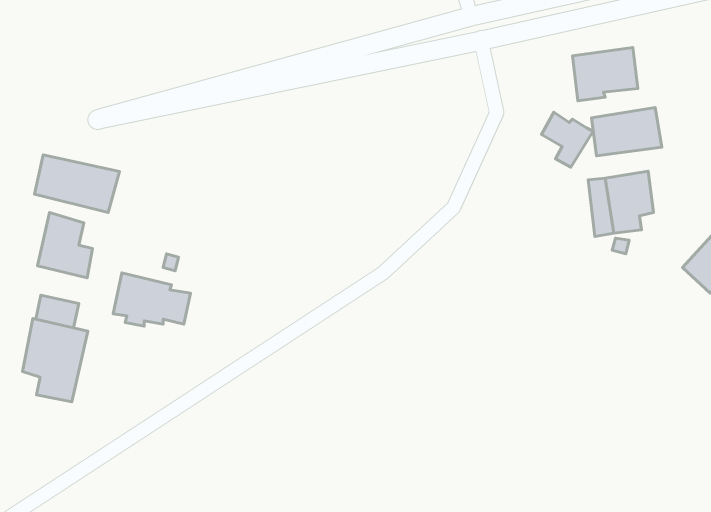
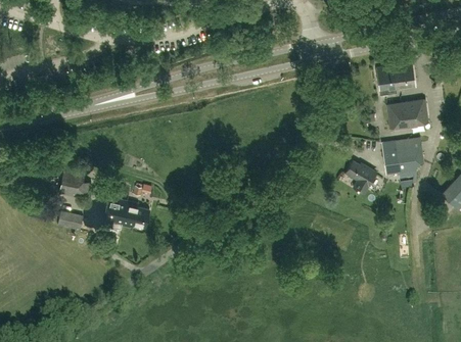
building: [542,112,593,167] -> [345,161,376,194]
building: [34,155,119,213] -> none
building: [23,318,88,402] -> none

